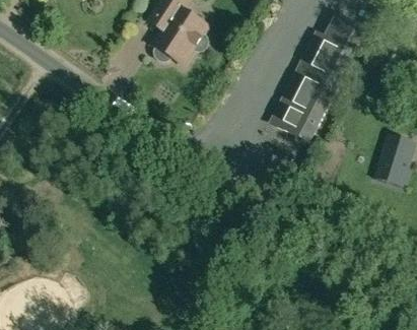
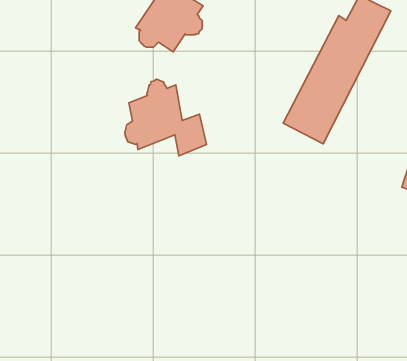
building: none -> [125,79,206,156]

